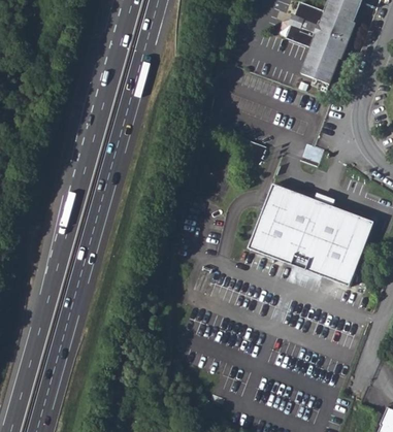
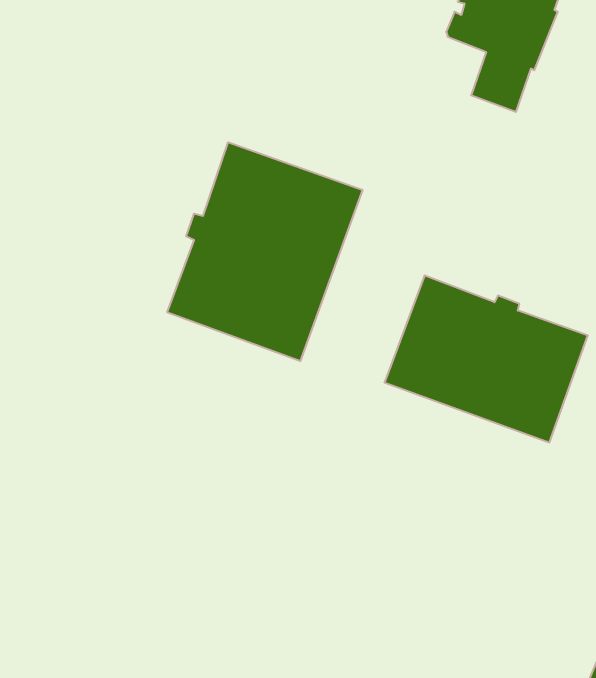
building: none -> [167,142,362,361]

